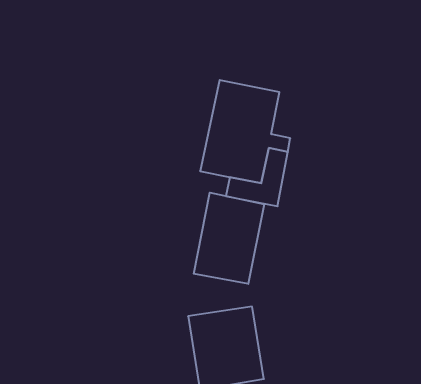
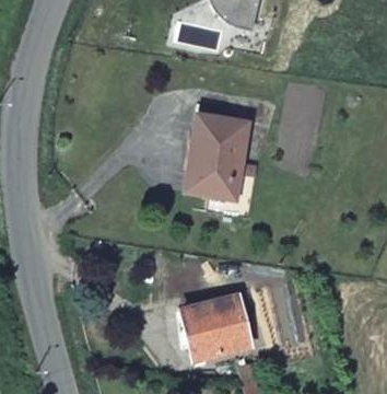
building: [194,193,264,284] -> none

